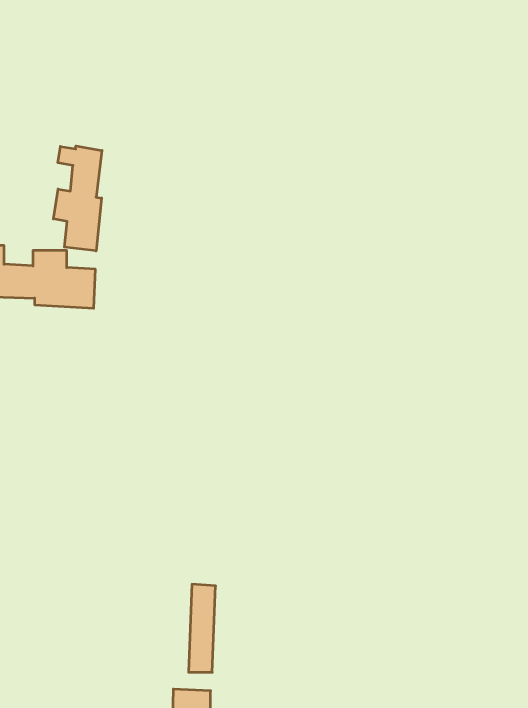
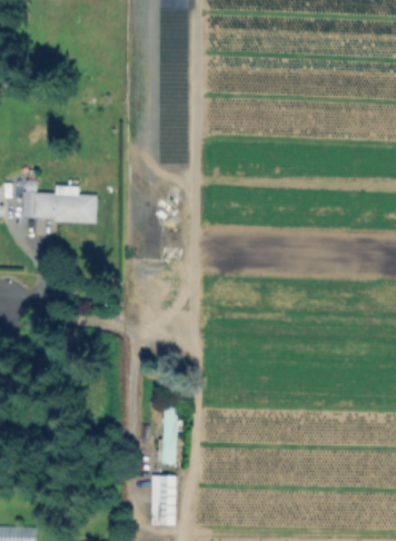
building: [53,146,102,251] -> none

